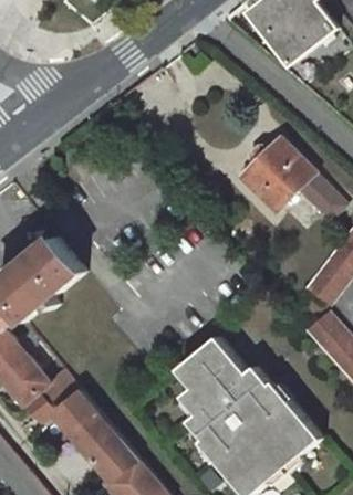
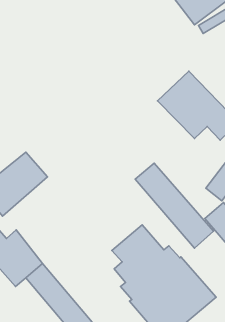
building: none -> [135,163,213,248]

